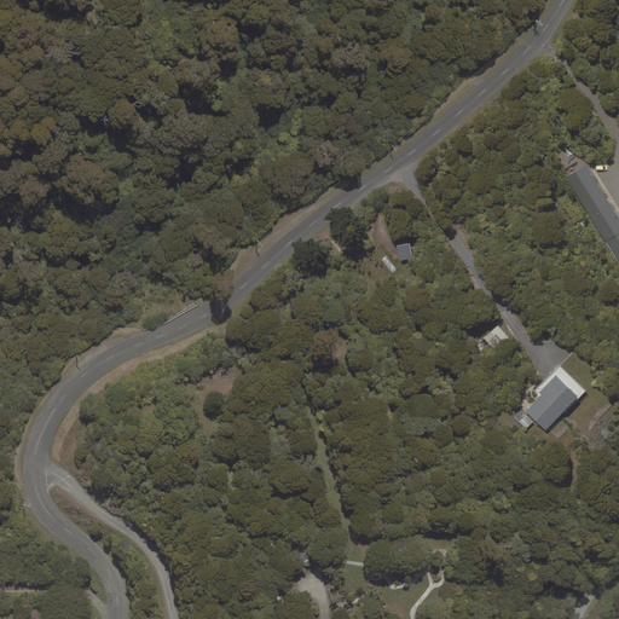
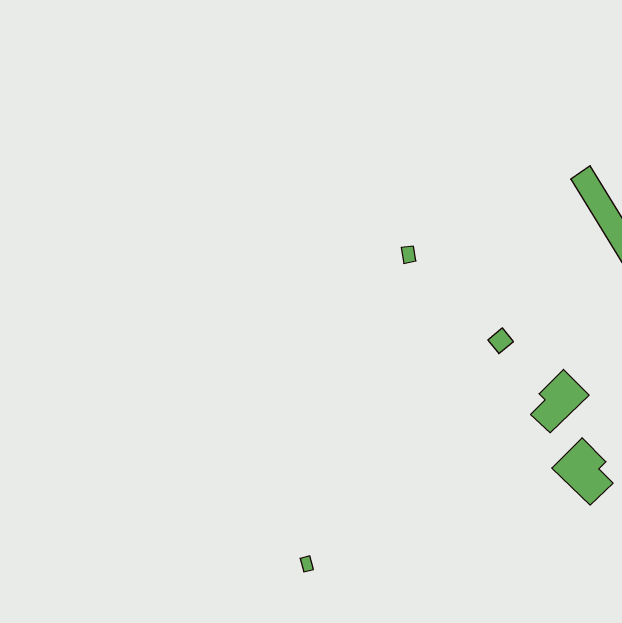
building: none -> [552,438,613,505]

